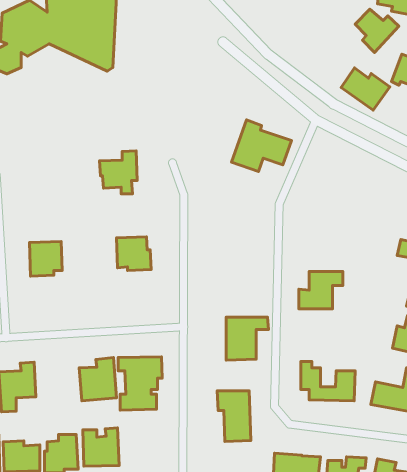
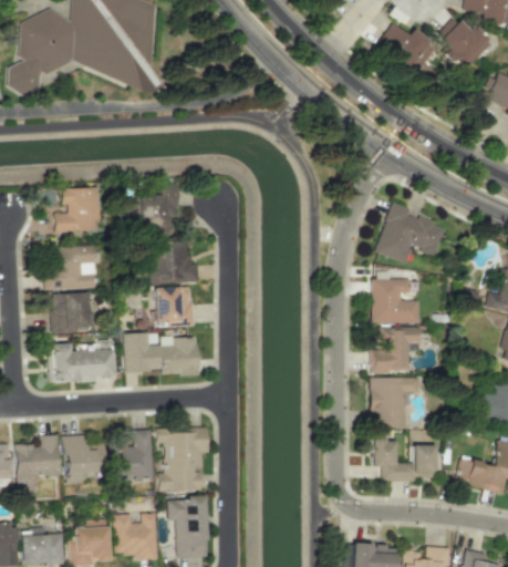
building: [341,68,390,110] -> [377,23,435,73]
building: [231,120,291,171] -> [376,203,447,264]
building: none -> [55,187,101,233]
building: none -> [151,239,200,284]
building: none -> [45,246,96,290]
building: none -> [373,279,421,323]
building: none -> [125,333,200,375]
building: none -> [49,344,113,382]
building: [226,317,268,360] -> [371,378,421,429]
building: none -> [63,435,106,485]
building: [217,391,251,441] -> [168,498,208,558]

